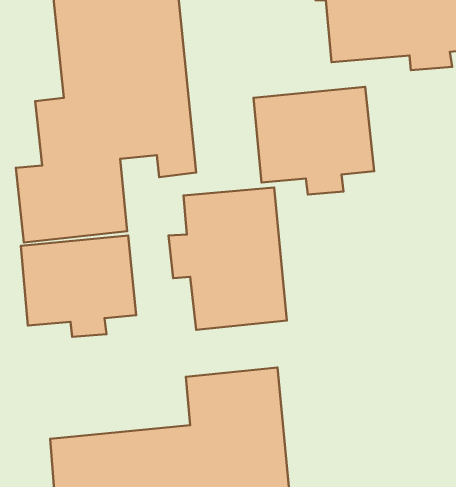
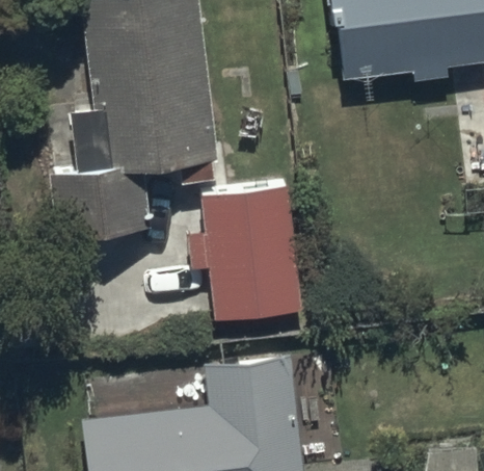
building: [253,87,374,195] -> none
building: [21,236,136,337] -> none

